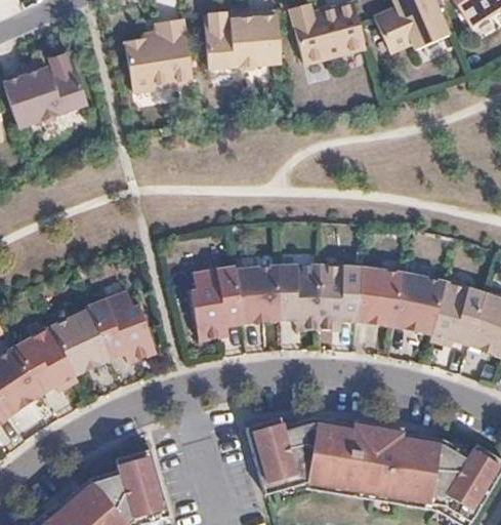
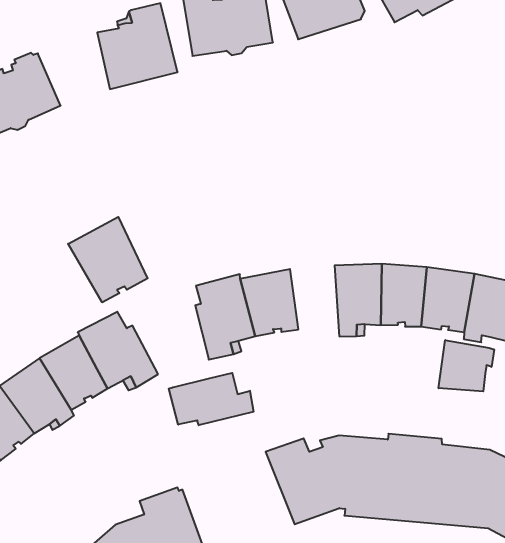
building: none -> [68,217,148,302]
building: [280,265,320,328] -> none
building: none -> [439,340,494,391]
building: none -> [169,373,254,425]

